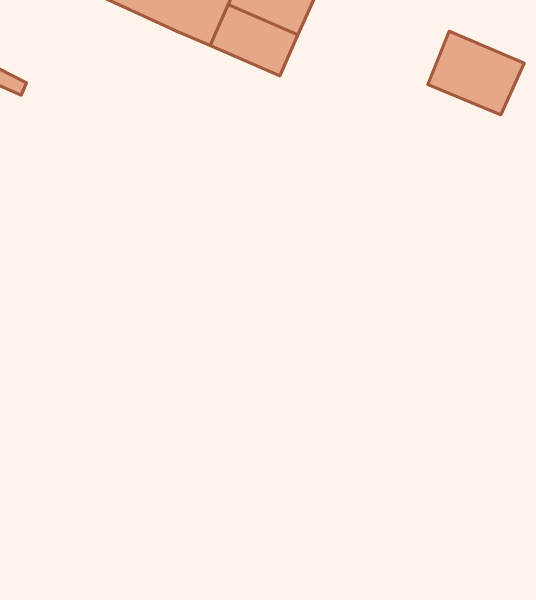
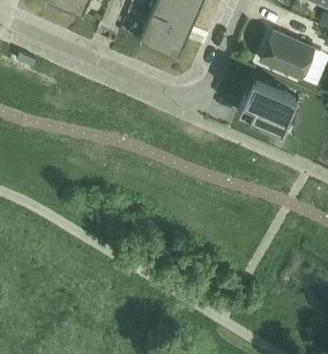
building: none -> [238,79,295,130]

